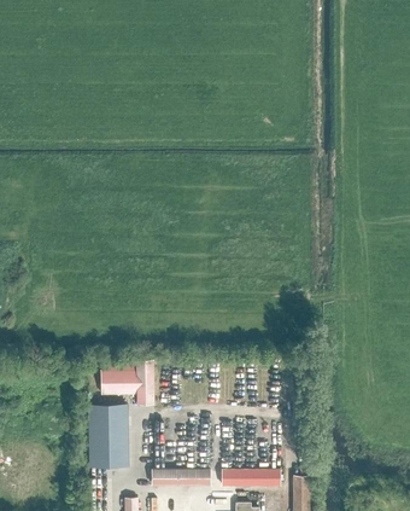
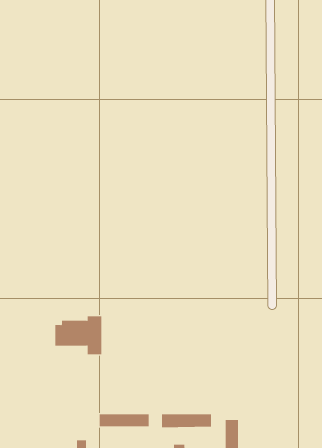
building: [90,405,128,466] -> none

